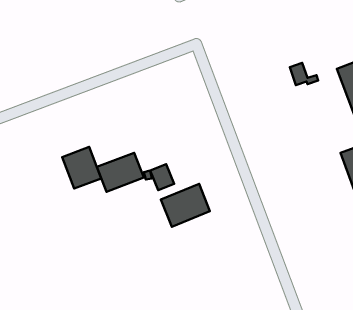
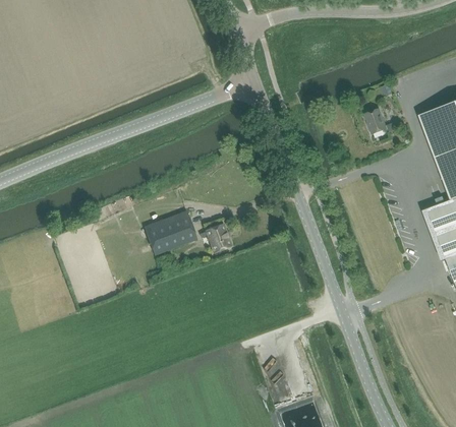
building: [62,147,101,188] -> none
building: [161,184,210,227] -> none

